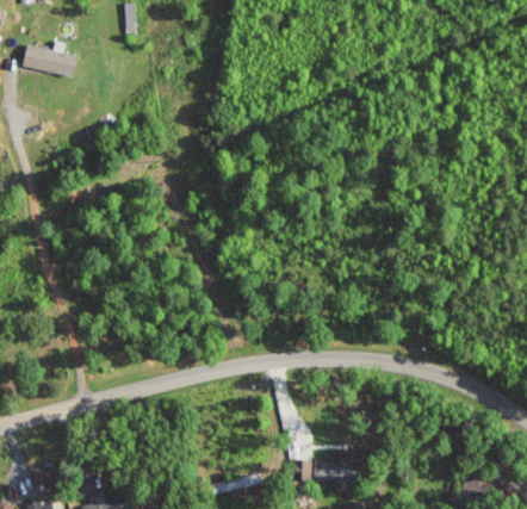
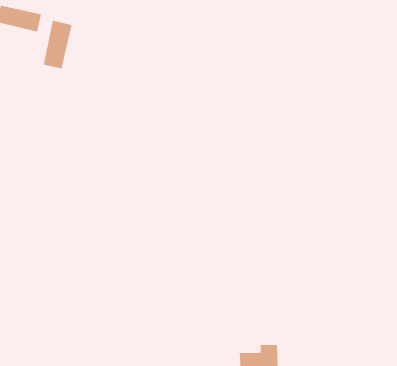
building: none -> [43,20,72,69]

